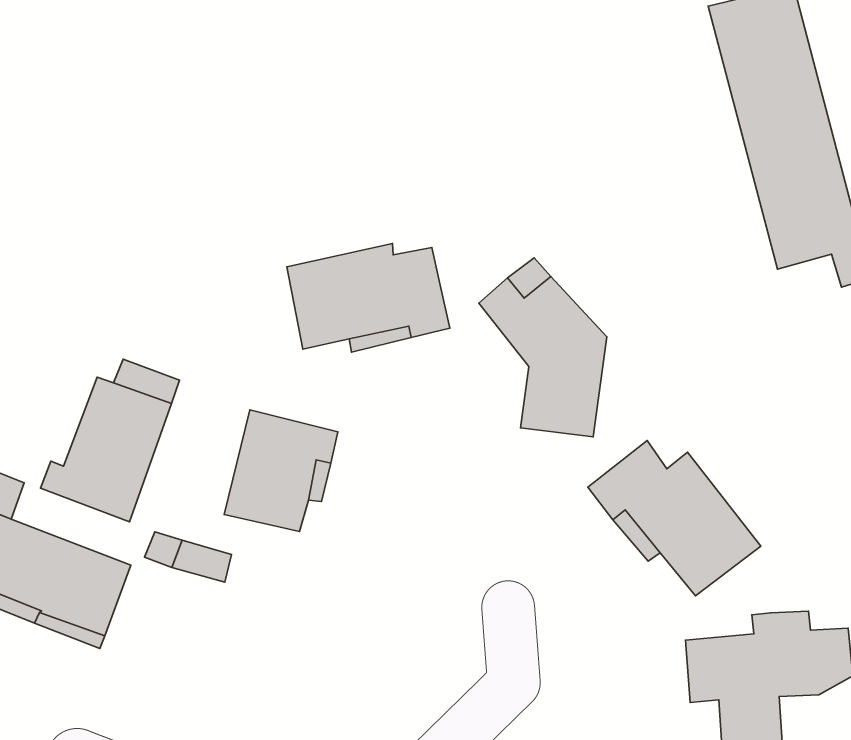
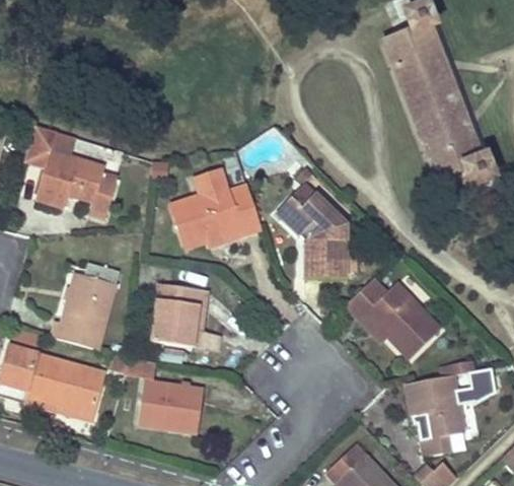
building: none -> [25,125,118,211]
building: none -> [138,379,205,431]

